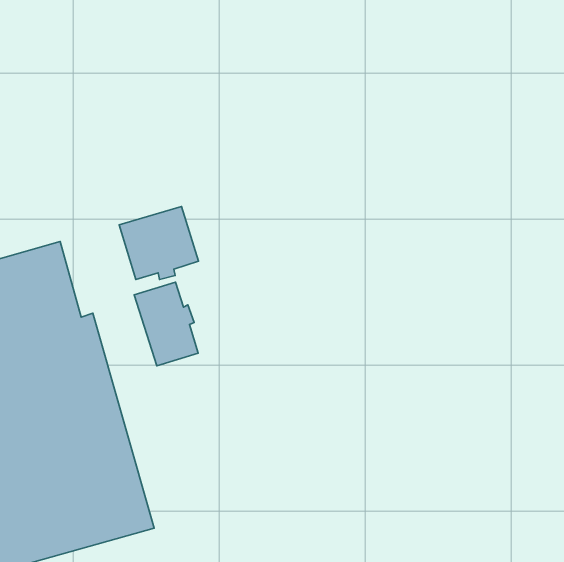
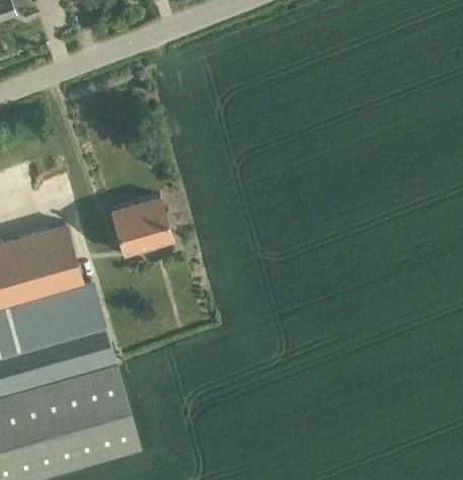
building: [134,282,198,366] -> none

